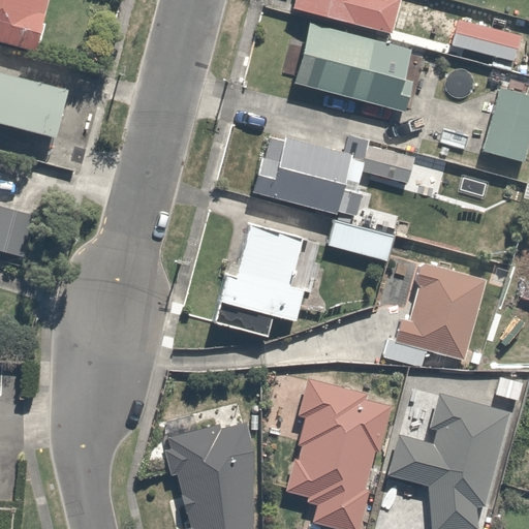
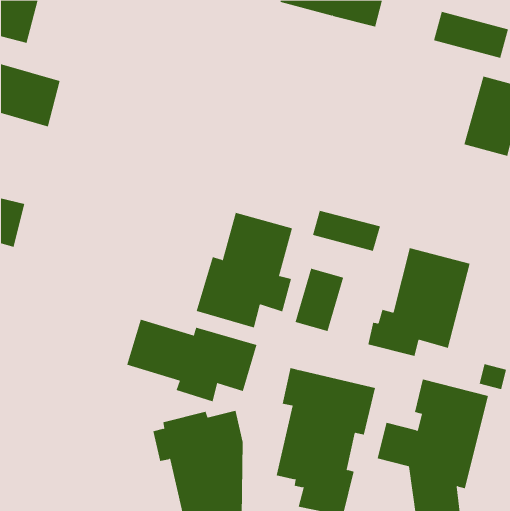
building: [292,23,416,111] -> none
building: [249,129,418,217] -> none
building: none -> [295,268,344,332]
building: none -> [126,319,257,402]

